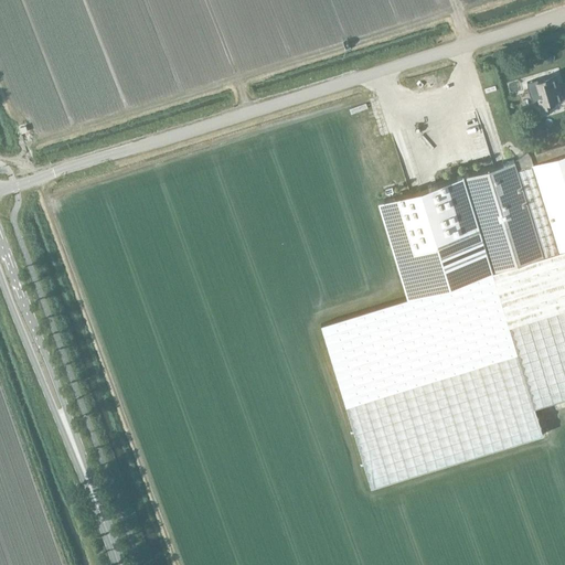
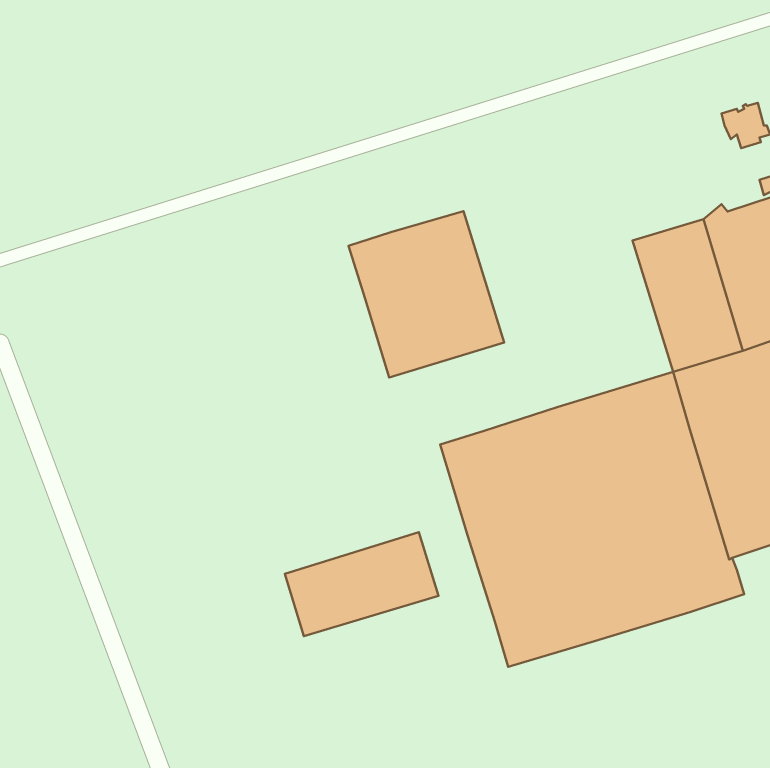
building: [380,179,493,300] -> [348,211,504,377]
building: none -> [285,532,439,636]

